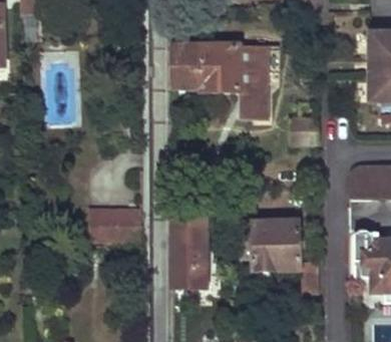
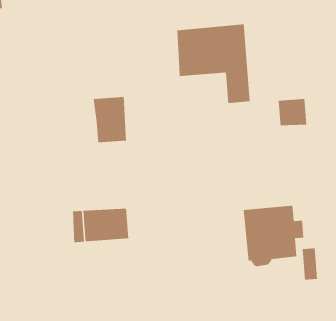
building: [171,46,202,88] -> [93,97,127,143]
building: [172,215,206,289] -> none

